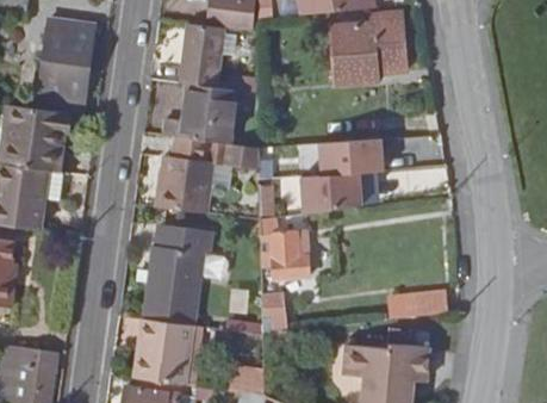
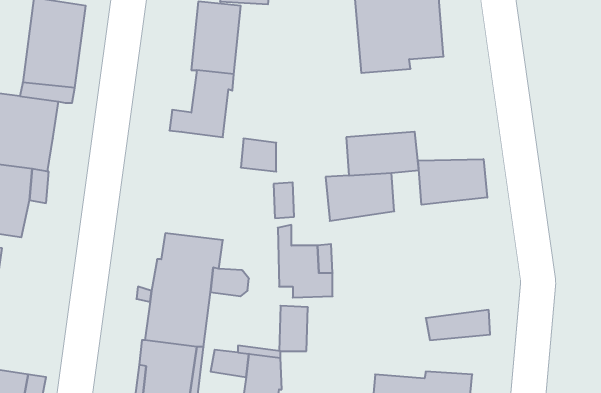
building: [158,137,216,213] -> none
building: none -> [418,159,487,205]

